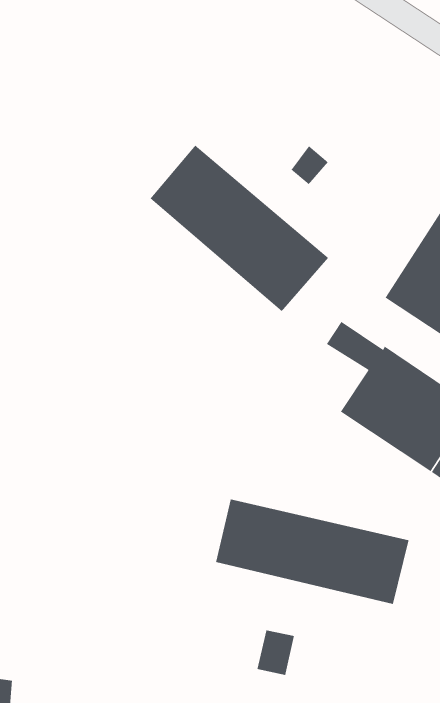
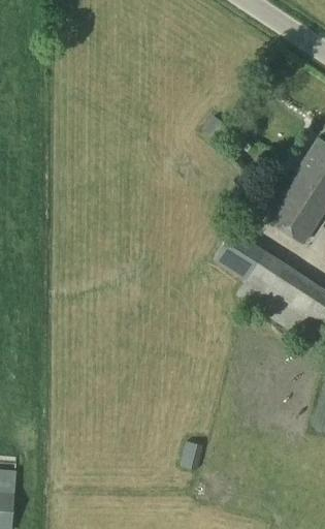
building: [150,144,329,312] -> none
building: [215,499,410,605] -> none

